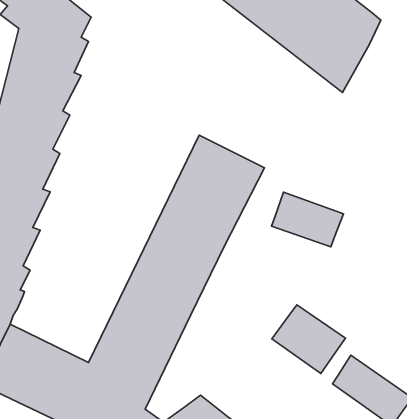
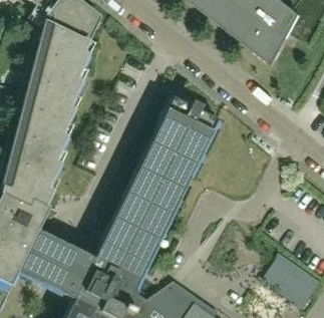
building: [271,192,344,247] -> none
building: [272,305,346,373] -> none

